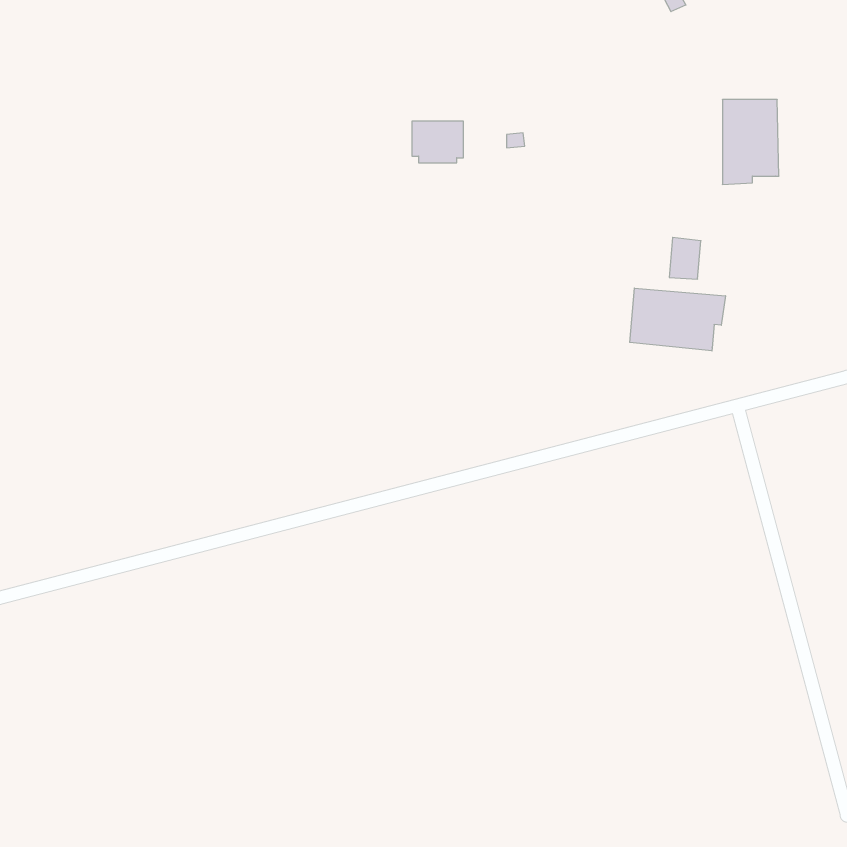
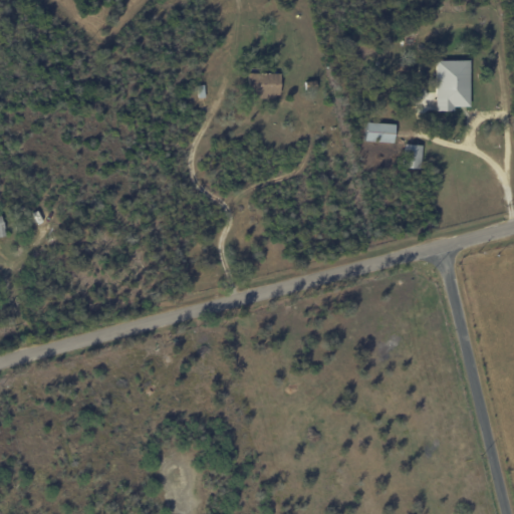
building: none -> [366,121,395,143]
building: [630,288,725,351] -> none

